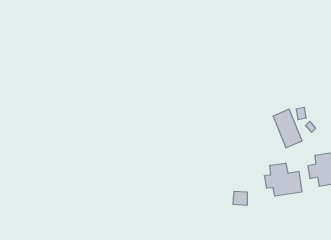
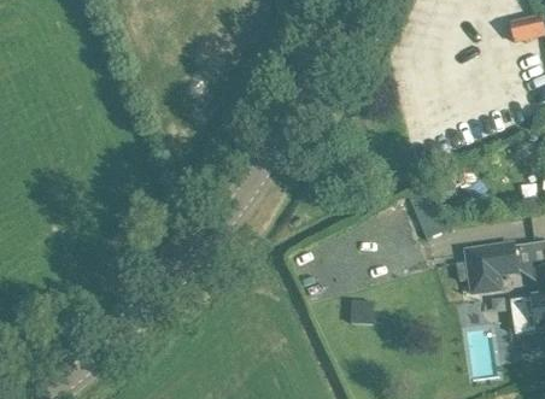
building: [265,163,302,196] -> none

